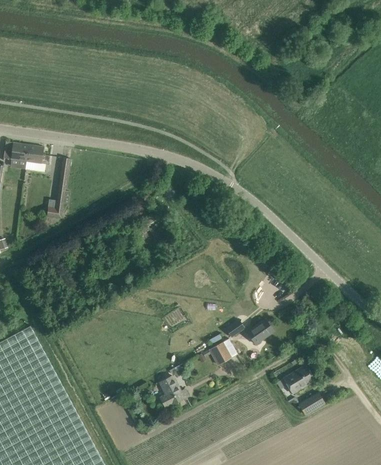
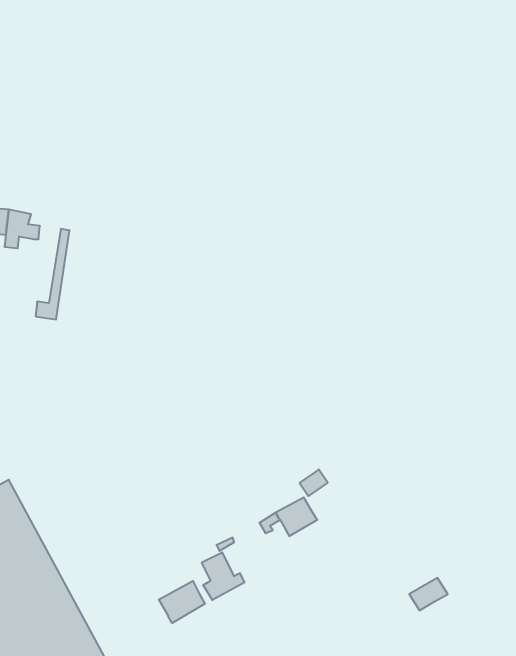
building: [247,318,274,344] -> none
building: [284,364,315,393] -> none
building: none -> [159,581,205,623]

